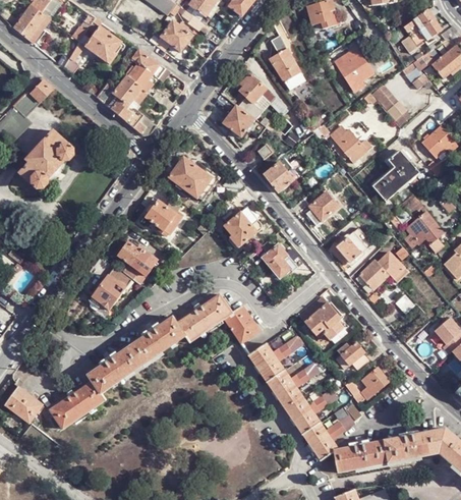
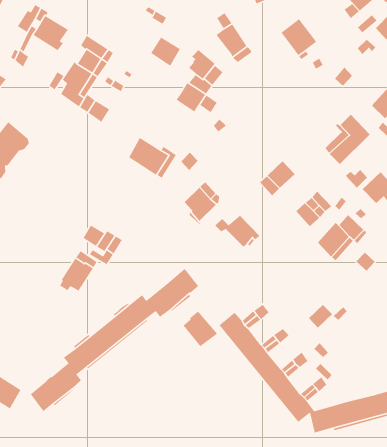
building: [160,20,191,52] -> [150,36,181,67]
building: [329,124,367,162] -> none
building: [263,162,293,193] -> none
building: [145,200,183,234] -> none
building: [301,297,347,343] -> none
building: [224,304,260,342] -> [182,310,218,347]
building: [361,367,389,394] -> none

